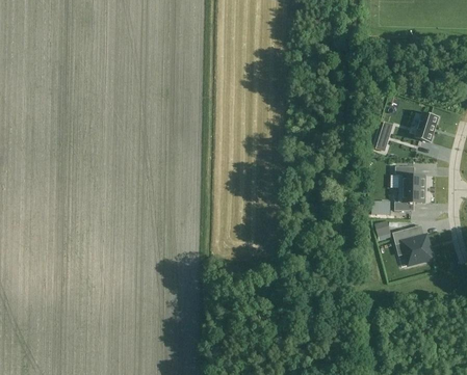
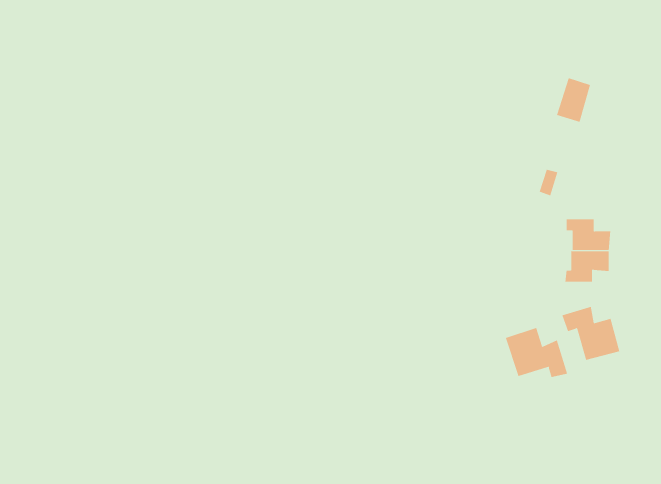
building: [414,109,438,140] -> [556,77,591,123]
building: none -> [505,327,568,378]

